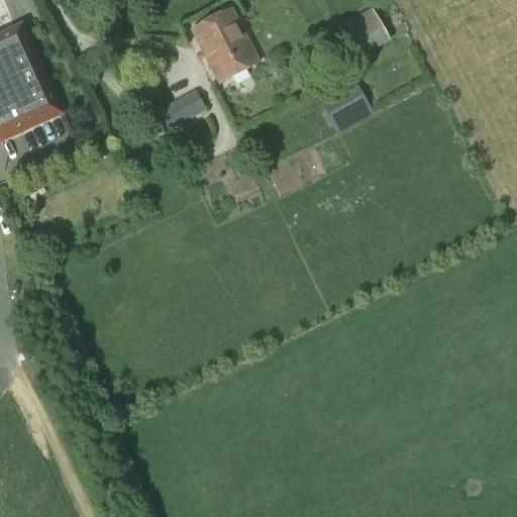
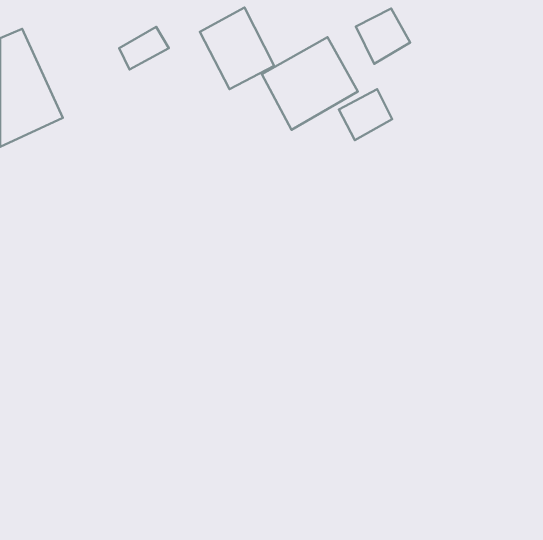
building: none -> [262,37,358,130]
building: [160,90,207,130] -> [119,27,169,69]

